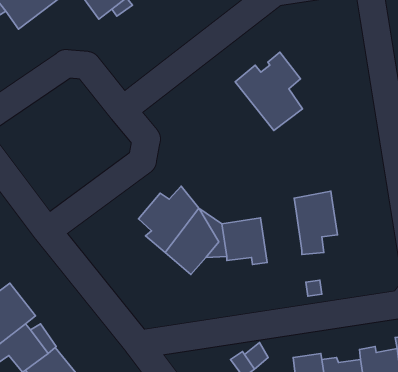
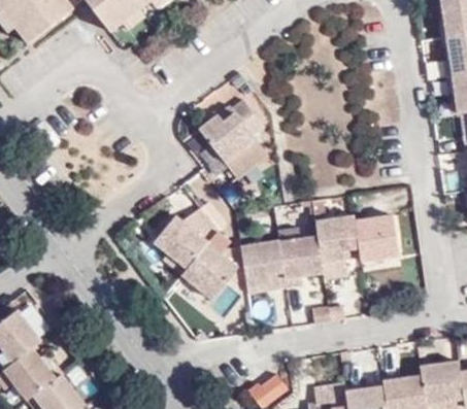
building: [235,52,303,130] -> [197,99,267,180]
building: none -> [356,215,399,263]
building: none -> [279,225,325,286]

